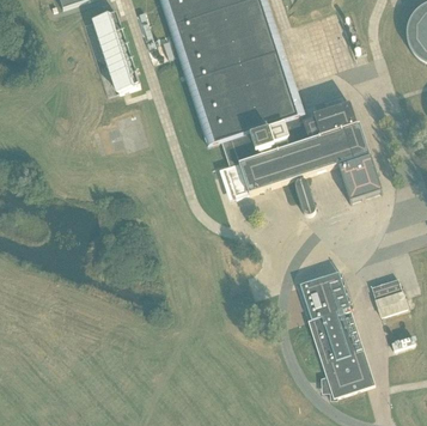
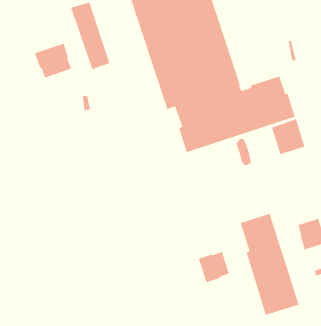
building: none -> [34,43,72,78]
building: none -> [198,251,230,283]

